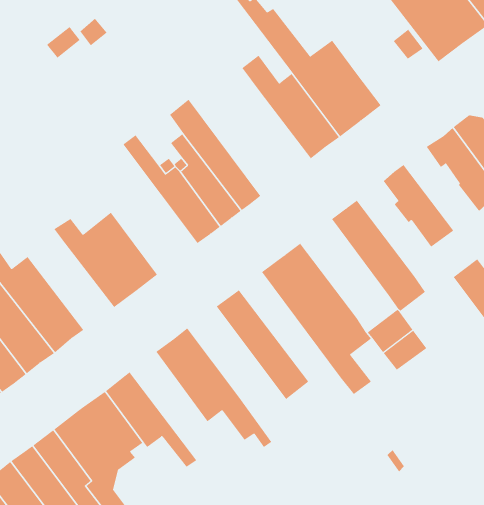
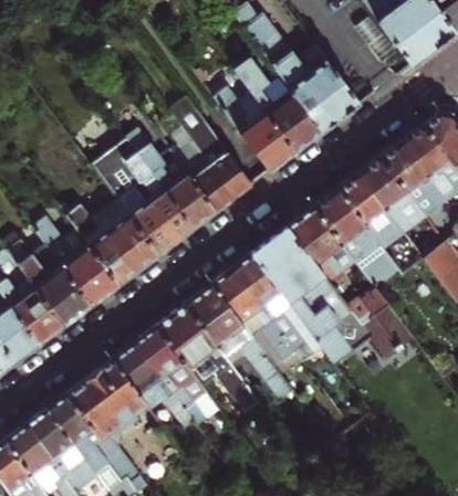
building: none -> [214,87,296,171]
building: none -> [91,137,195,255]
building: none -> [381,140,448,215]
building: none -> [339,171,412,256]
building: none -> [288,205,366,294]
building: none -> [33,218,119,305]
building: none -> [232,253,323,363]
building: none -> [186,284,293,401]
building: none -> [134,325,219,425]

